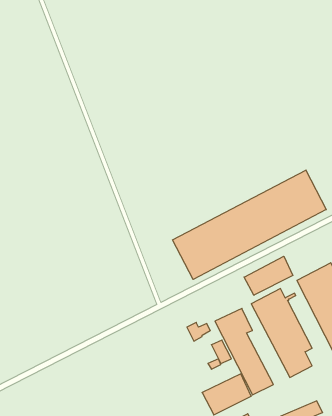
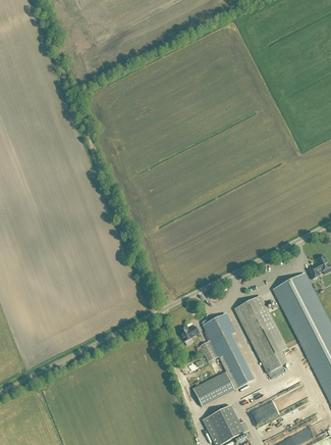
building: [173,170,326,279] -> none
building: [244,256,293,295] -> none

